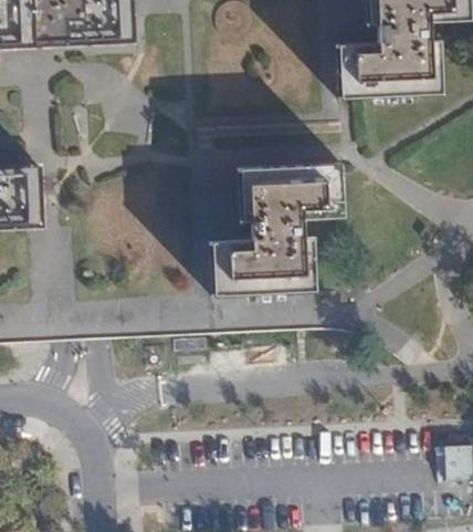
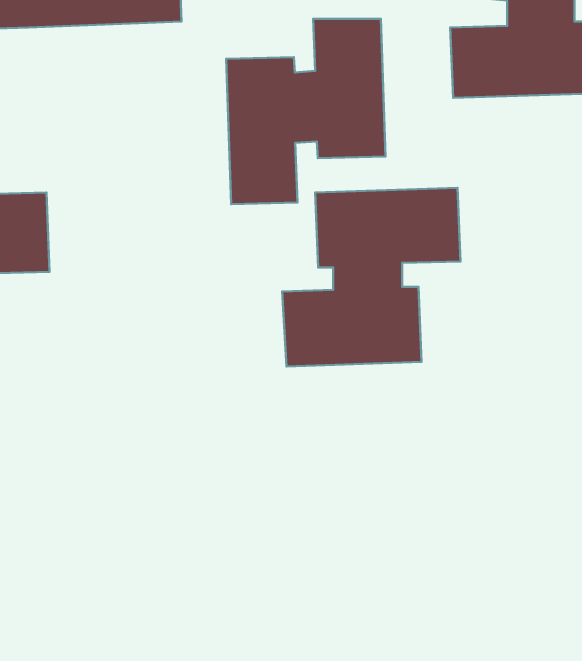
building: none -> [226,19,386,204]

